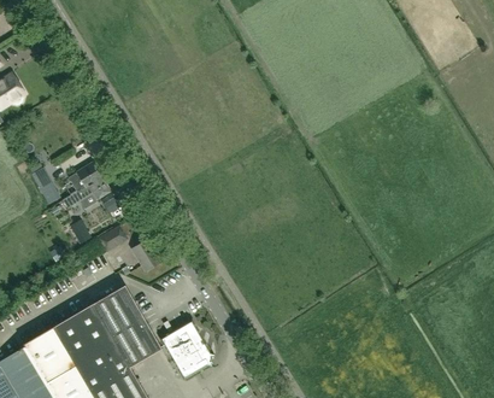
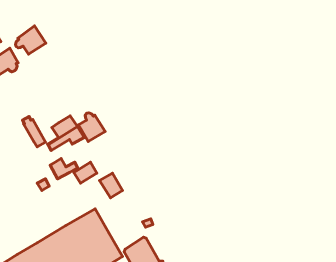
building: none -> [15,26,46,54]
building: none -> [79,113,105,141]

